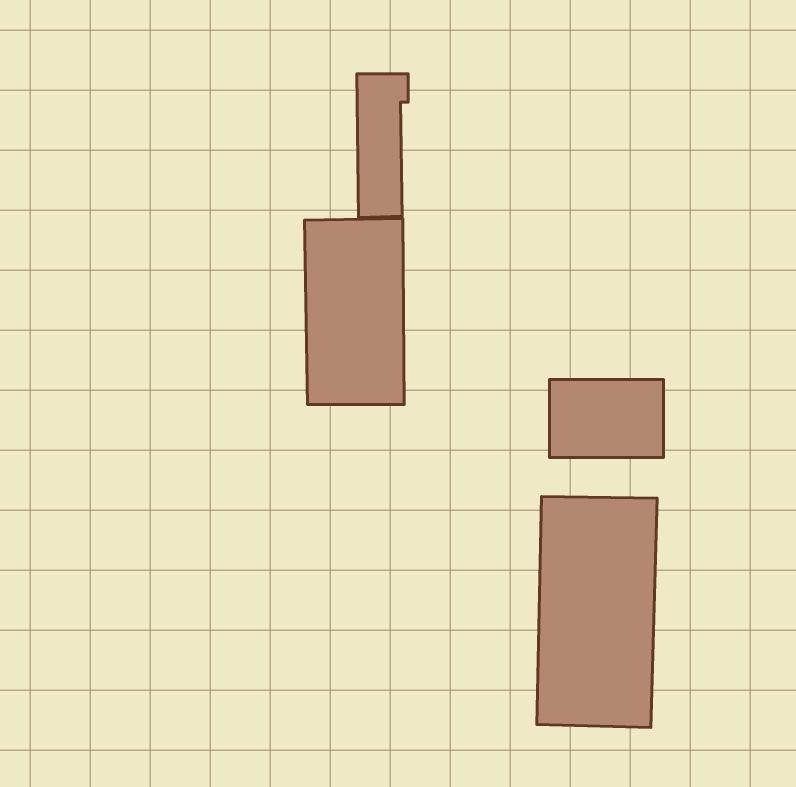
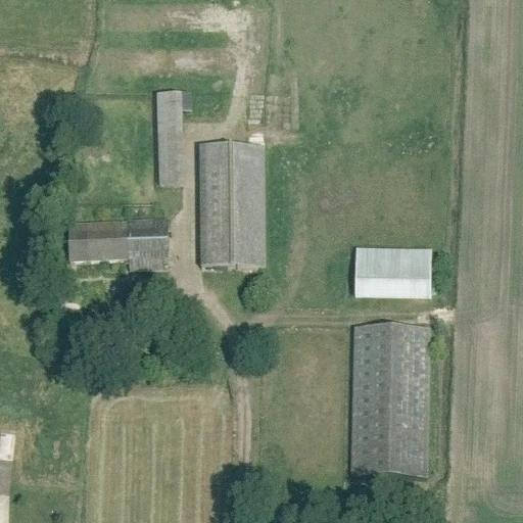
building: [357,74,408,218] -> [156,91,190,185]
building: none -> [68,216,169,267]

